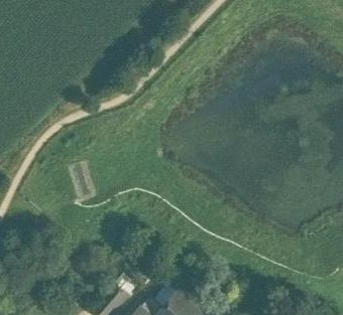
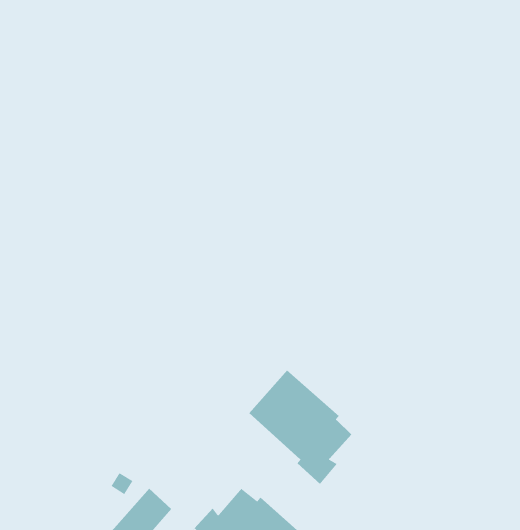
building: none -> [249,369,352,485]

